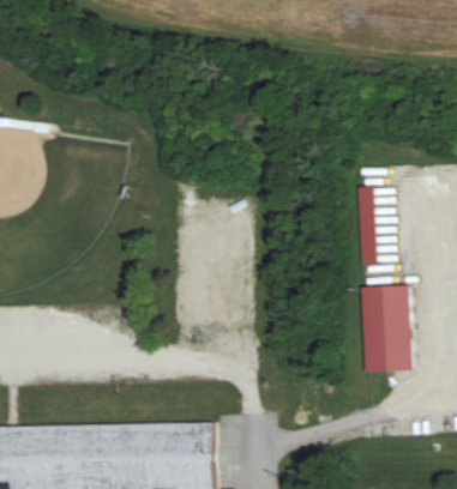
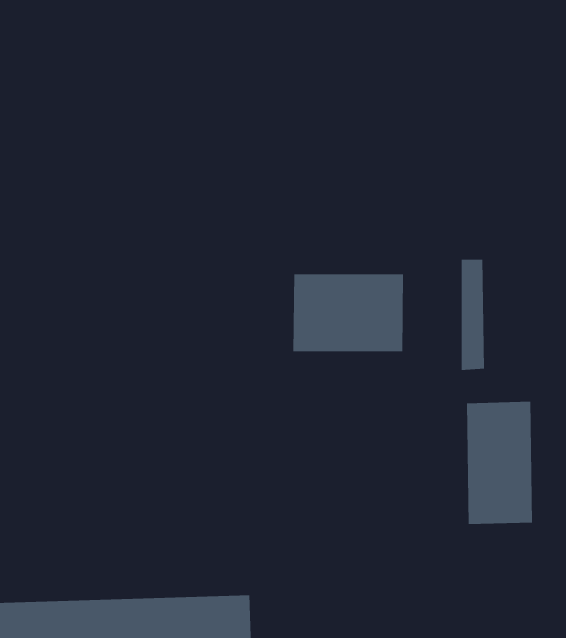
building: none -> [293,274,404,352]

